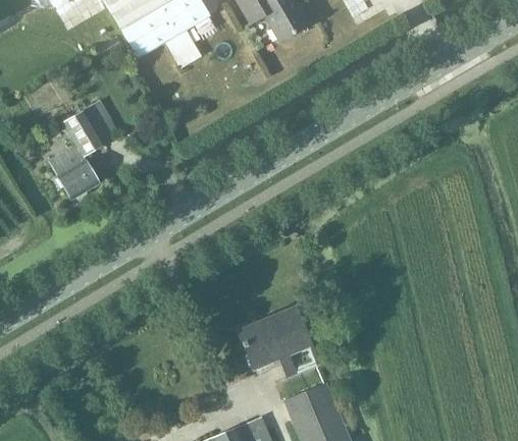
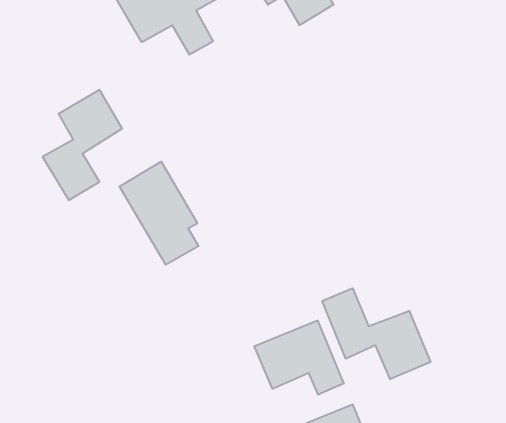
building: none -> [119,162,198,265]
building: none -> [322,288,431,379]

